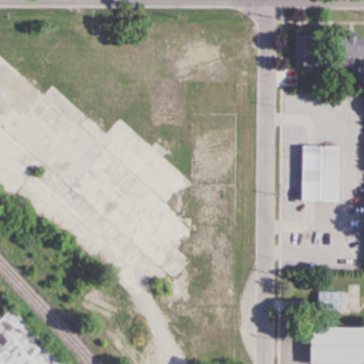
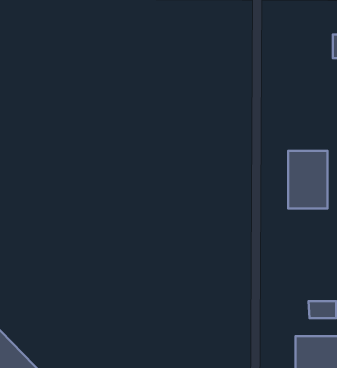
building: [292,37,320,68] -> none

